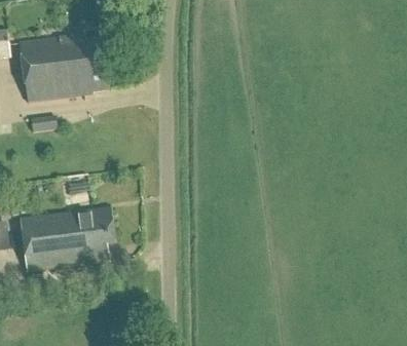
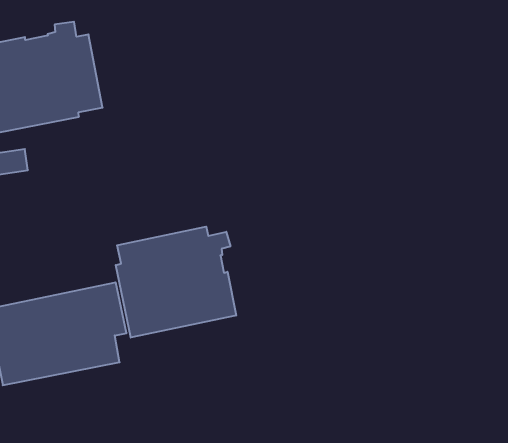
building: none -> [116,227,236,338]

